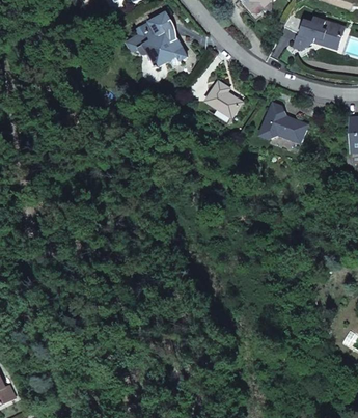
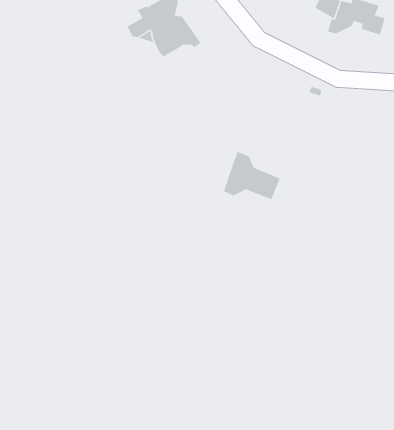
building: [205,82,241,117] -> none
building: [259,102,307,142] -> [223,151,281,200]

